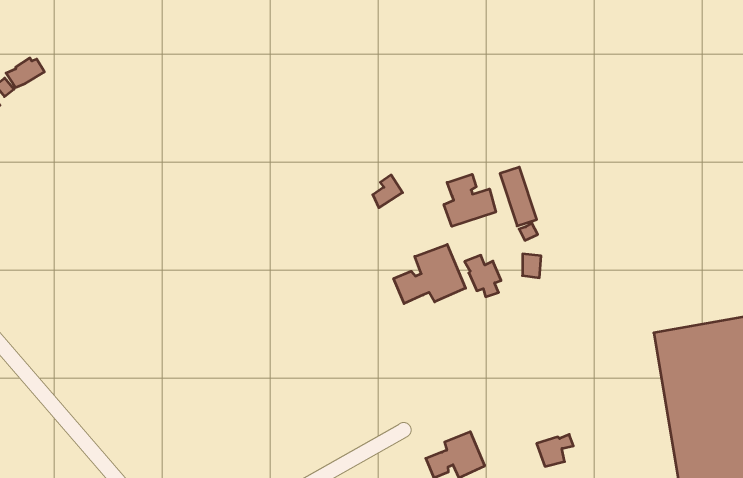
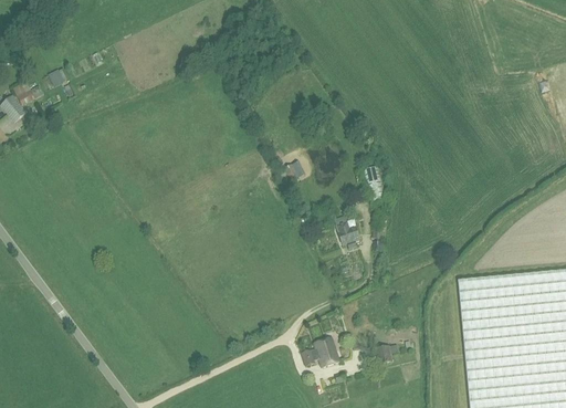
building: [444,174,496,226] -> none
building: [394,244,466,304] -> none

